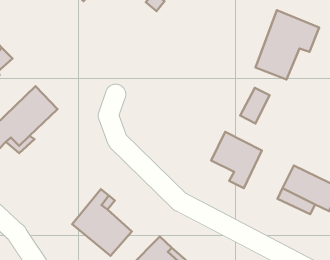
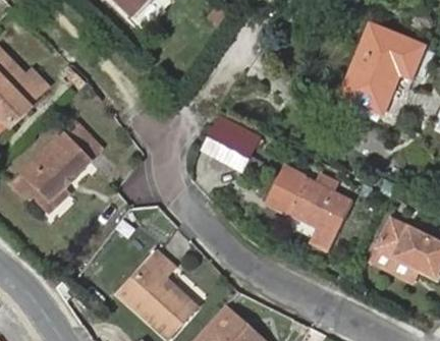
building: none -> [206,115,261,170]
building: [240,88,270,124] -> [272,169,309,214]

